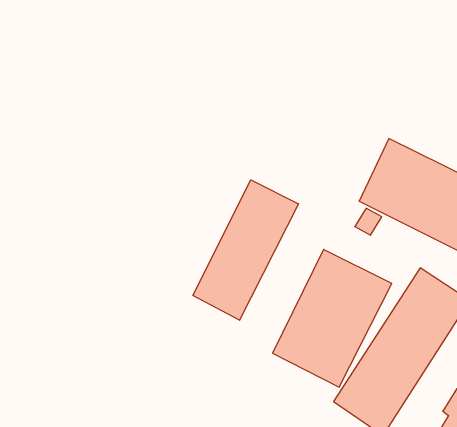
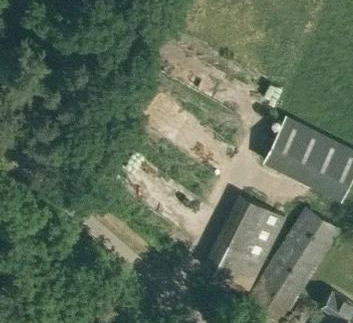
building: [193,180,299,320] -> none

